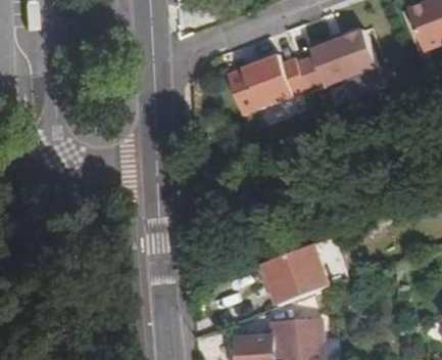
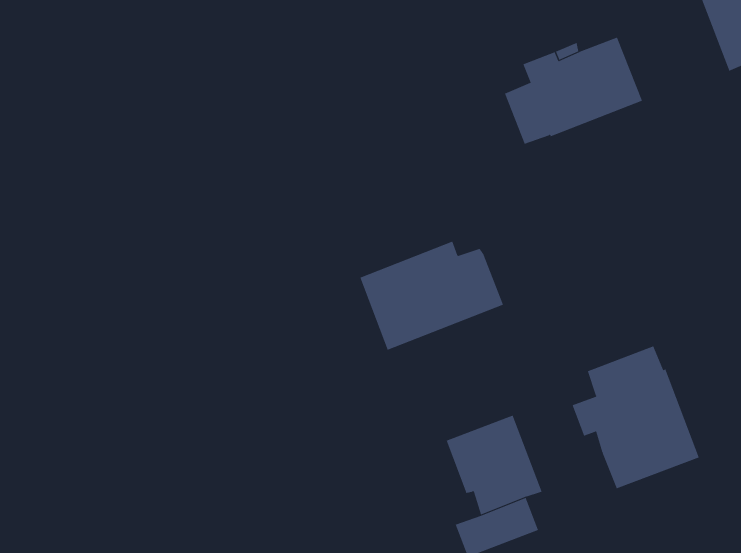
building: [228,58,308,120] -> [360,241,504,350]
building: none -> [572,345,700,489]

